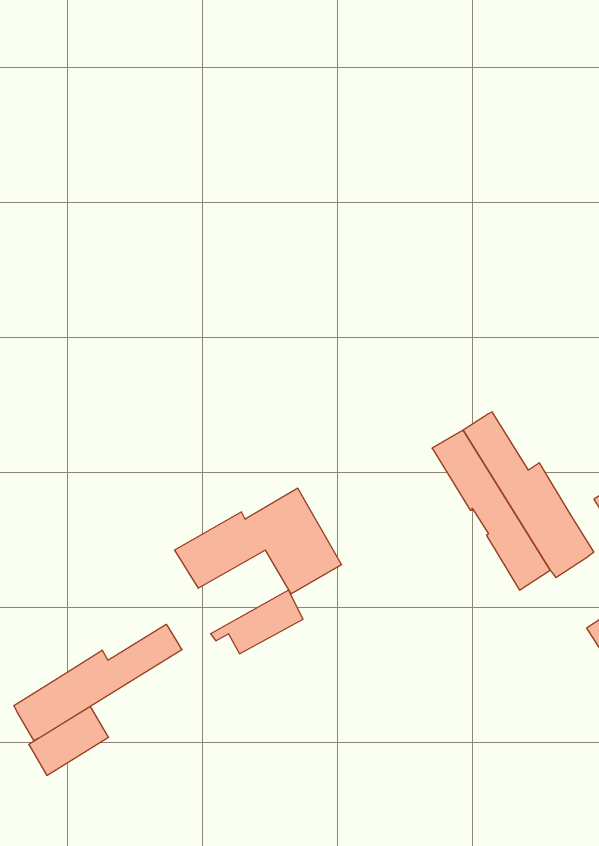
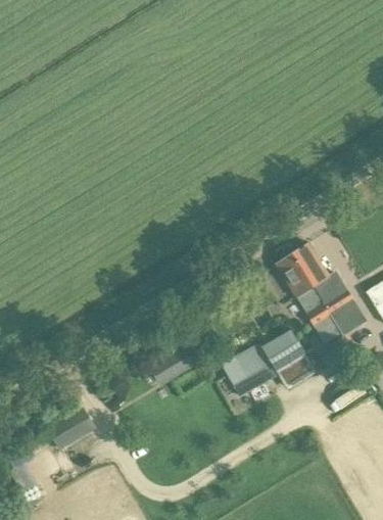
building: [174,488,342,594] -> [221,331,315,390]
building: [14,624,182,741] -> none

